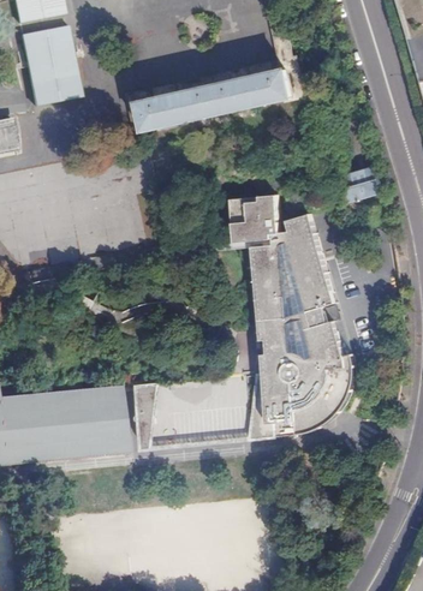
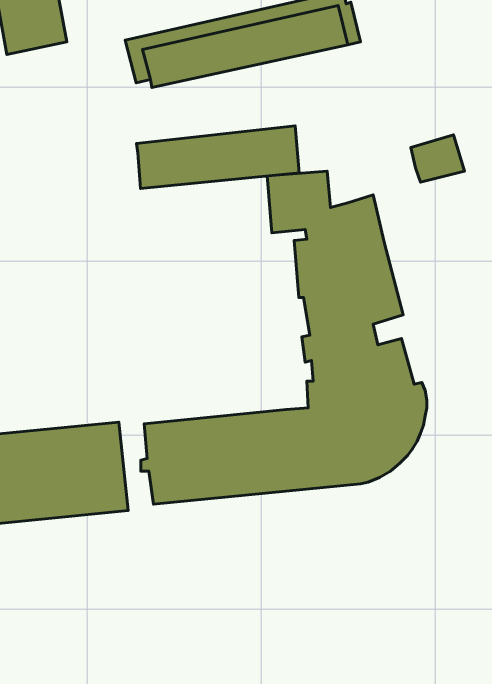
building: none -> [137,126,299,188]

